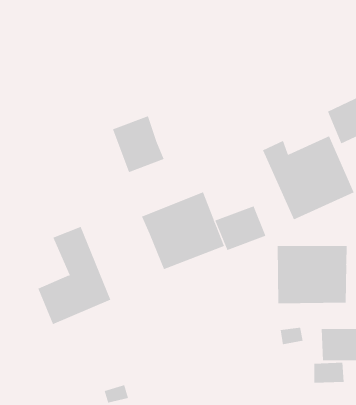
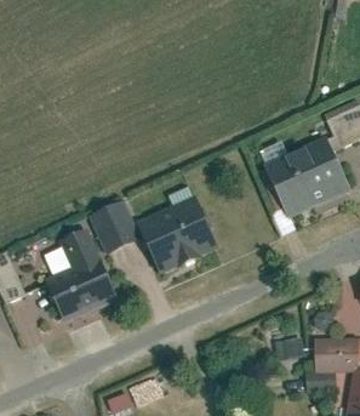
building: [112,115,165,173] -> [97,198,148,253]
building: [215,205,266,251] -> none
building: [277,245,347,304] -> none

